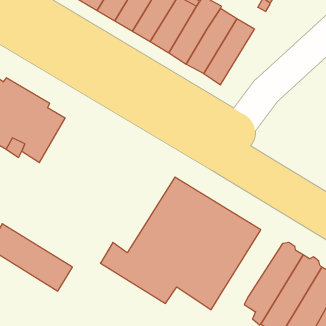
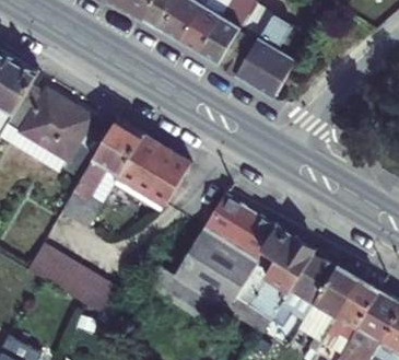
building: none -> [63,119,191,228]
building: none -> [272,251,339,328]

